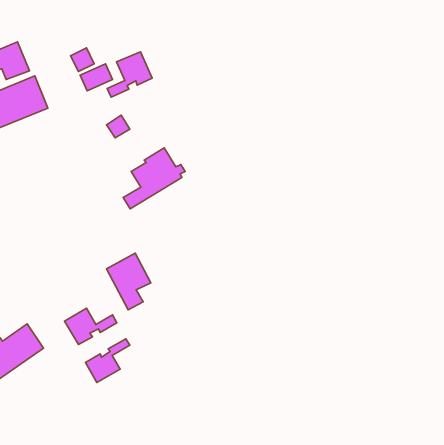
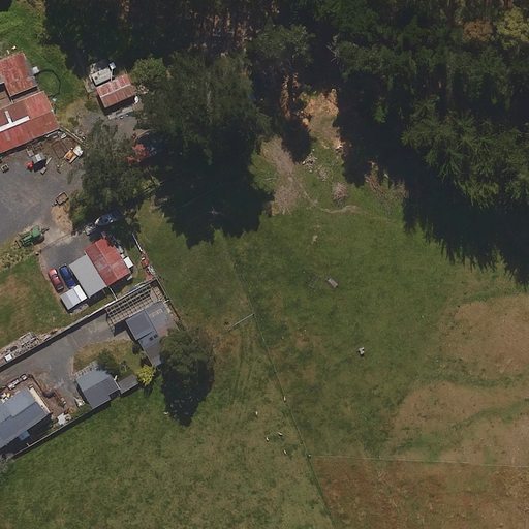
building: [107,52,152,97] -> none
building: [123,148,185,209] -> [59,237,132,309]
building: [85,339,130,383] -> none

